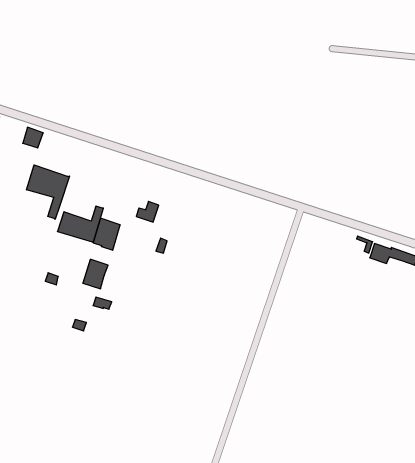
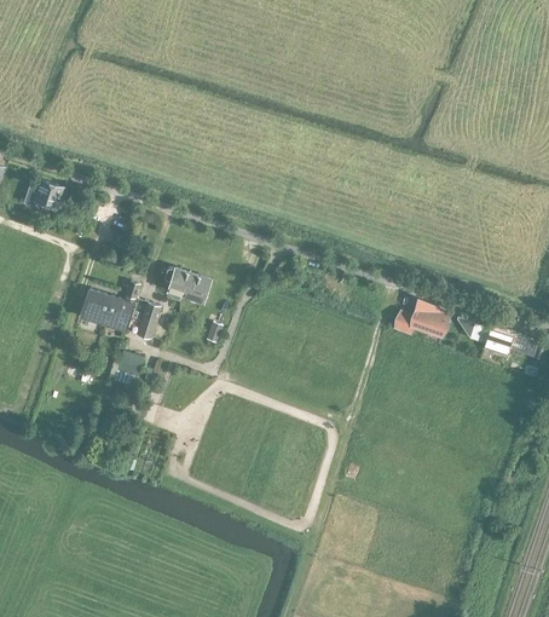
building: [27,165,69,219] -> none
building: none -> [164,269,197,295]
building: none -> [394,305,447,335]

